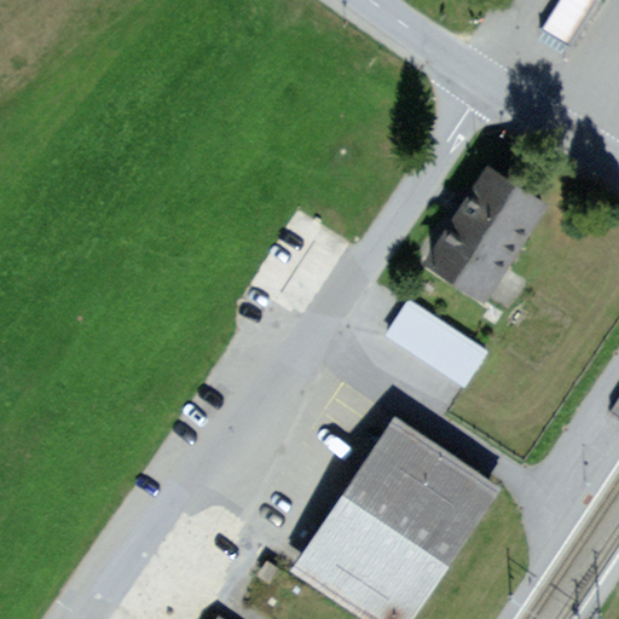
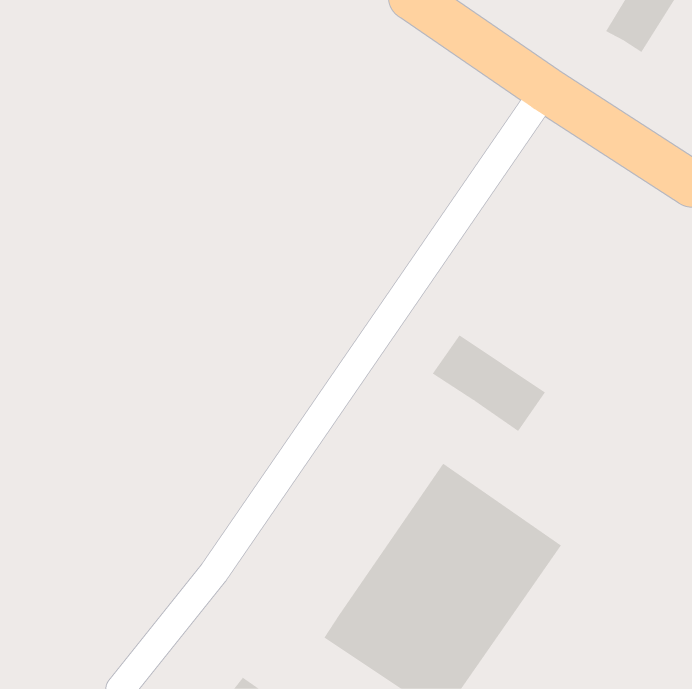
building: [423,163,551,303] -> none

